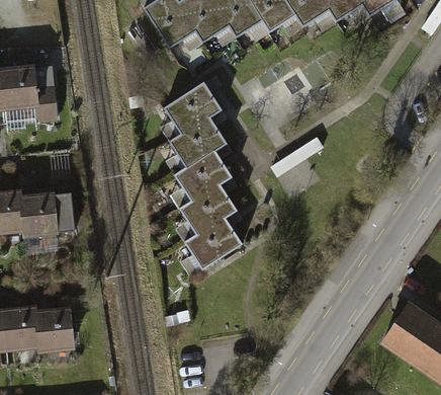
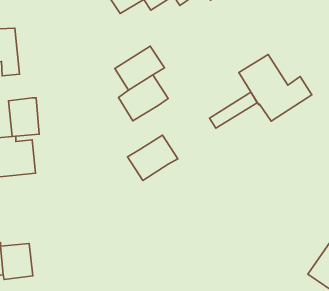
building: none -> [239,54,312,121]
building: none -> [8,98,39,137]
building: [173,152,229,203] -> none
building: [184,218,240,268] -> none

